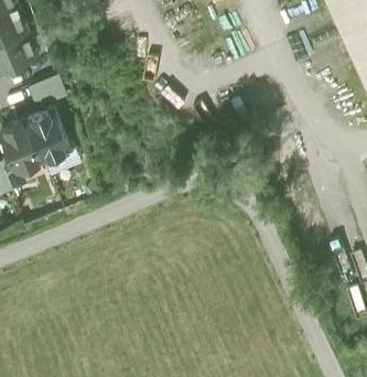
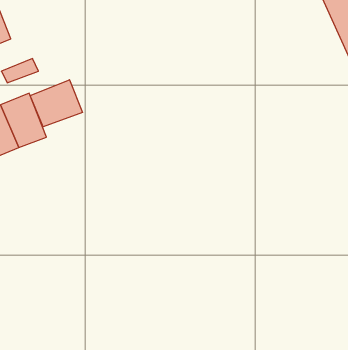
building: none -> [30,80,83,127]

